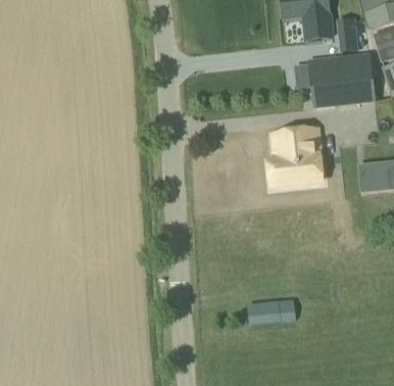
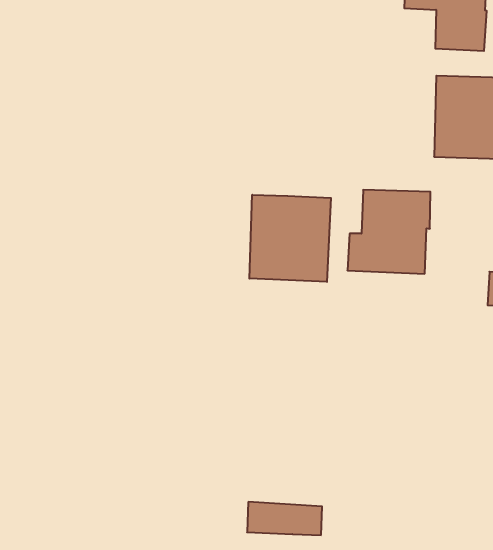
building: none -> [249,195,331,282]
building: [248,299,295,322] -> [247,502,322,535]

